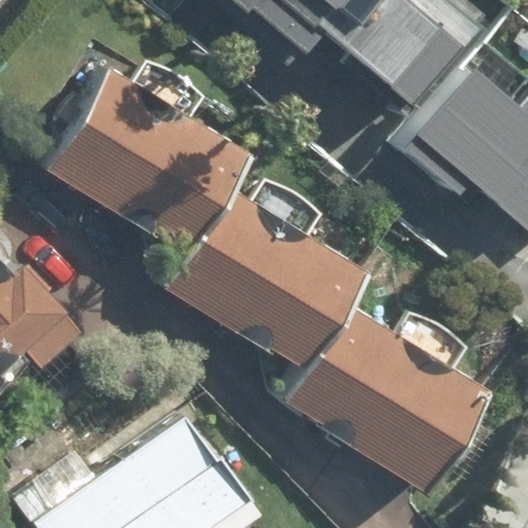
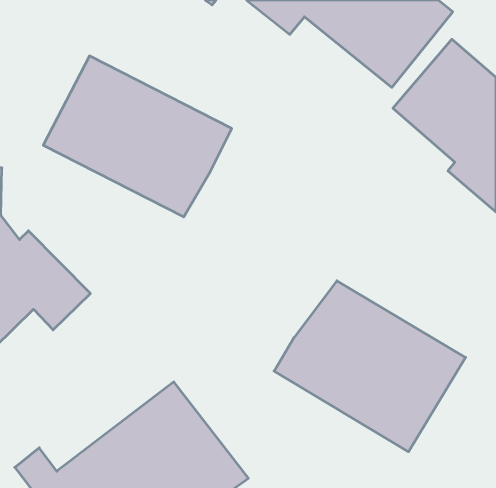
building: [166,195,372,369] -> none

